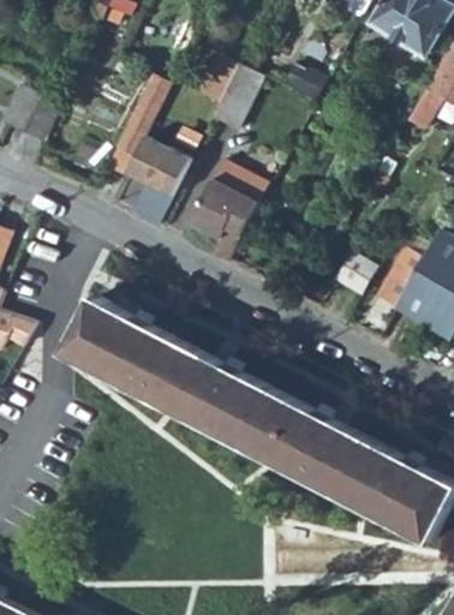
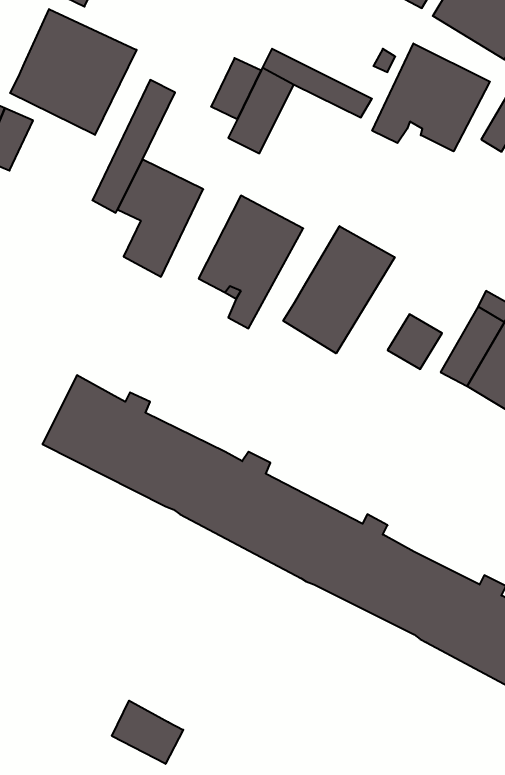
building: none -> [10,9,137,135]
building: none -> [372,43,490,151]
building: none -> [283,226,395,353]
building: none -> [112,701,183,764]

